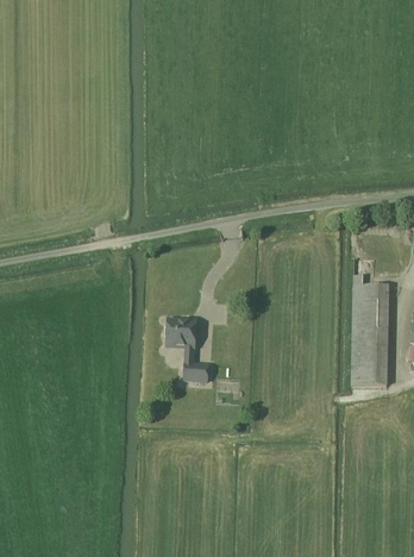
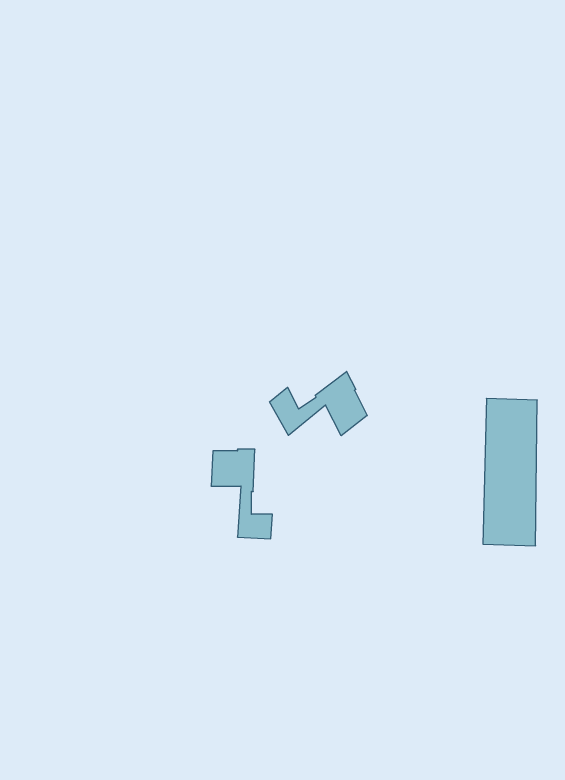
building: none -> [270,371,367,436]

